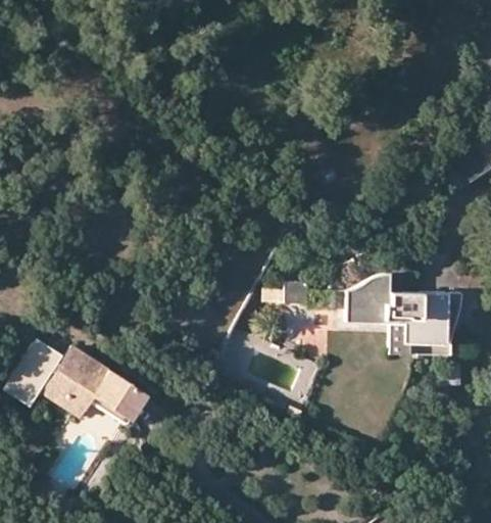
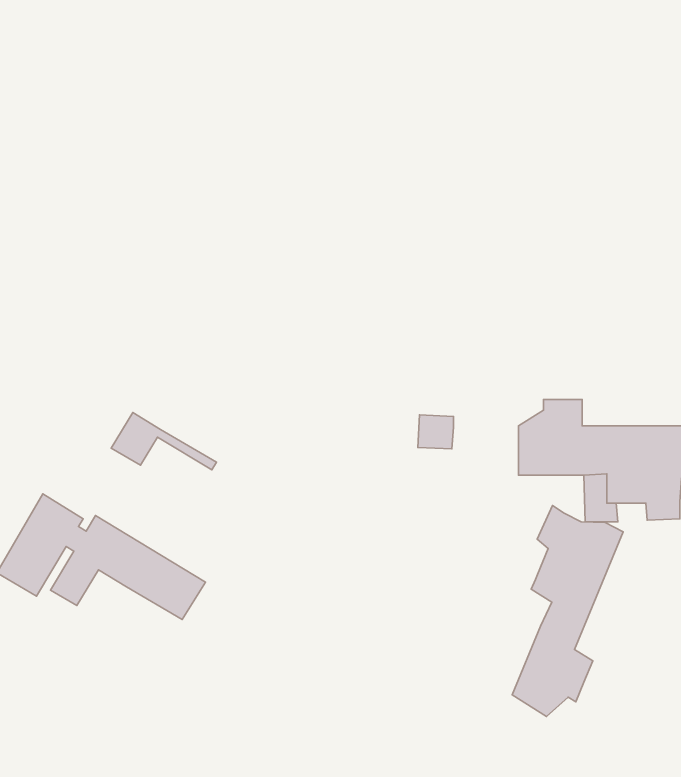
building: none -> [512,506,623,716]
building: [59,385,129,423] -> [111,412,216,470]

